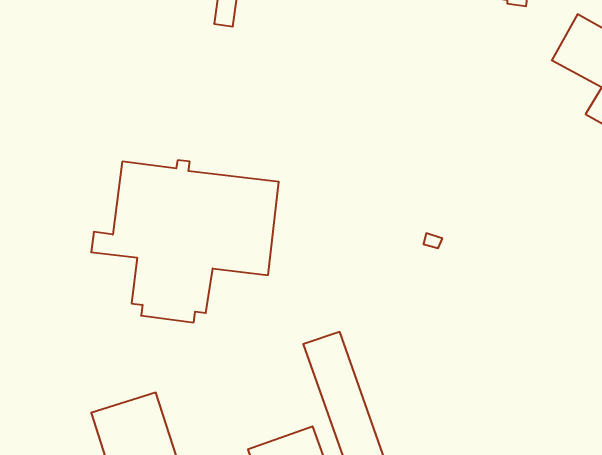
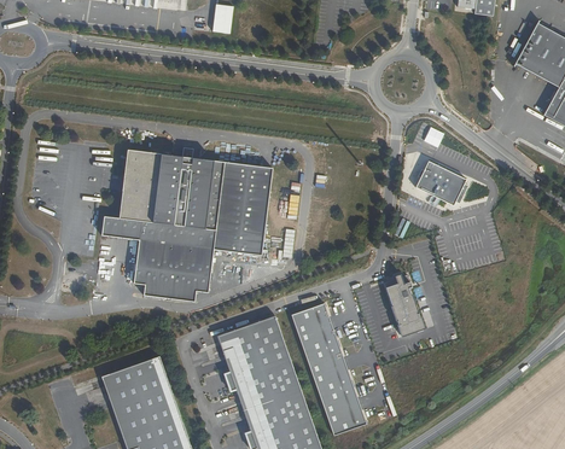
building: none -> [414,161,466,204]
building: none -> [383,274,424,337]
building: none -> [215,315,299,410]

